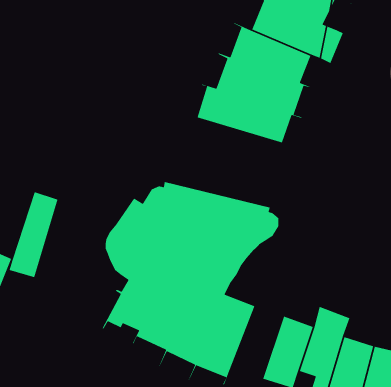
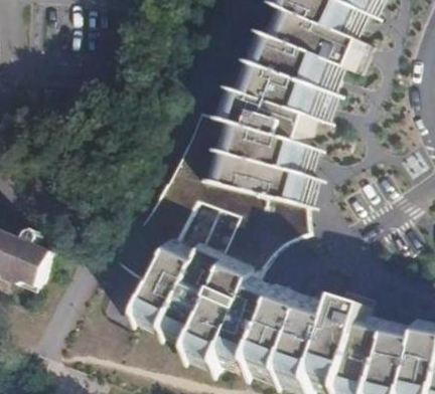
building: none -> [176,116,310,207]
building: [9,191,58,278] -> none
building: none -> [253,297,303,368]

